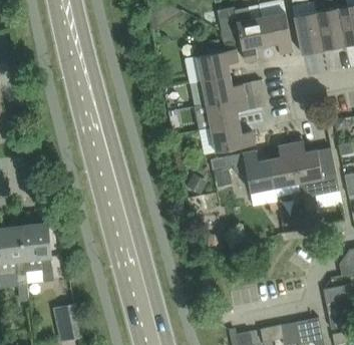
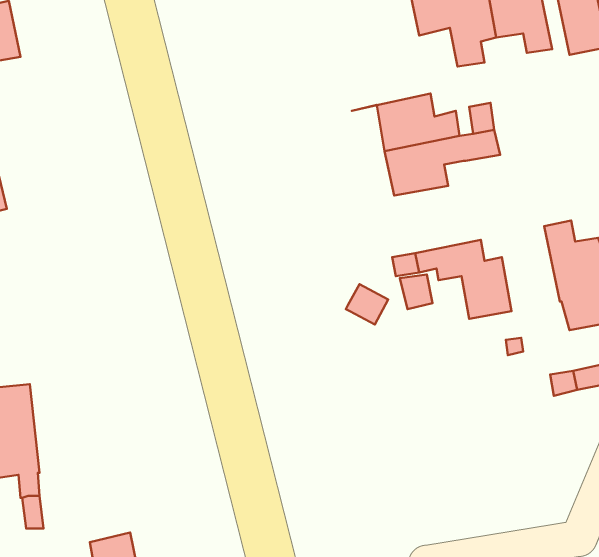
building: [184,49,239,84] -> none
building: [211,123,255,153] -> none
building: [267,144,297,189] -> none
building: [21,224,53,283] -> none

